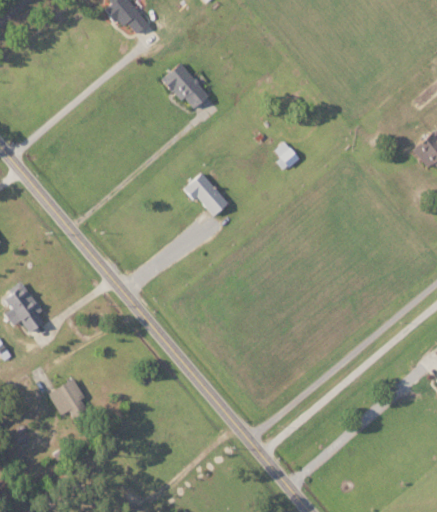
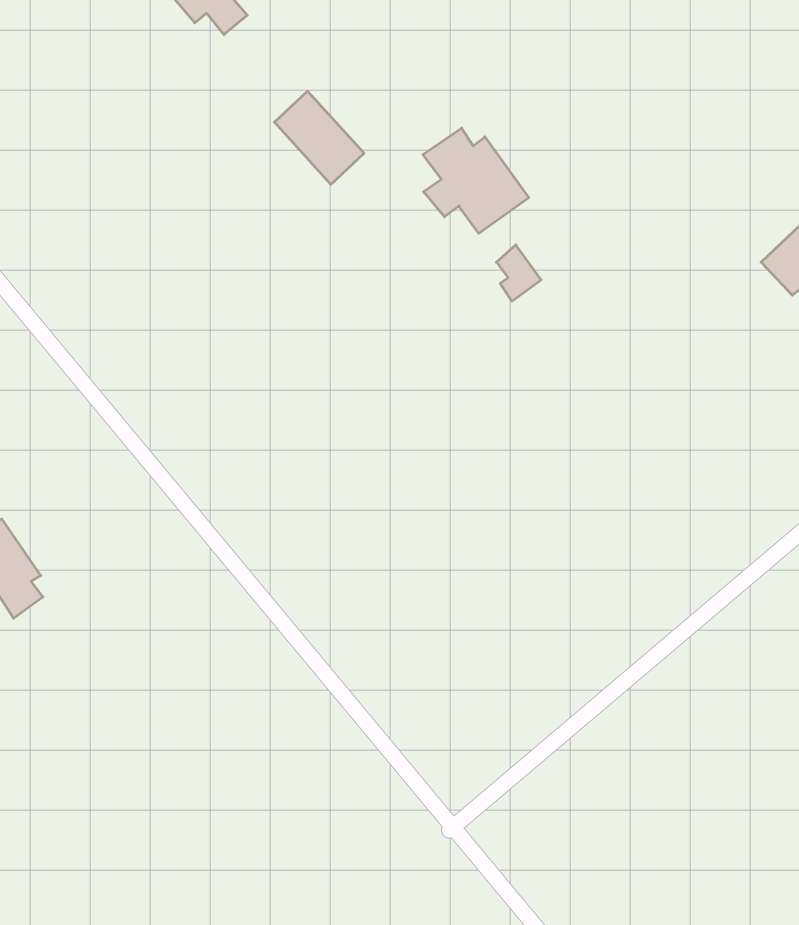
building: none -> [423,128,529,233]
building: [184,174,229,216] -> none
building: [49,380,89,417] -> none

